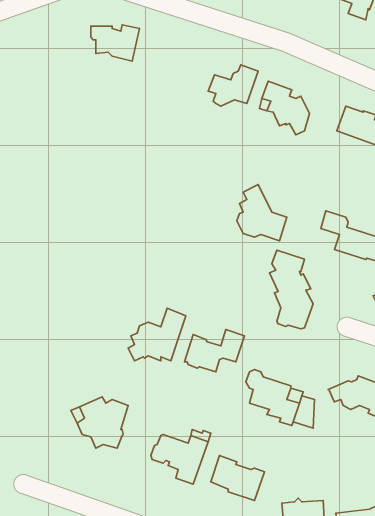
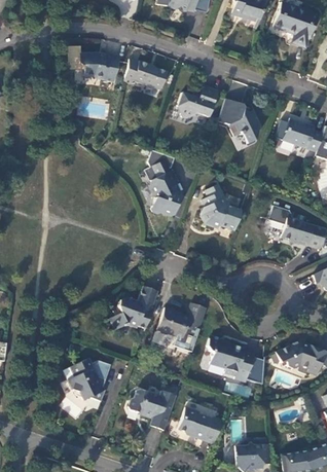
building: none -> [123,58,167,89]
building: [269,250,313,329] -> [145,150,181,215]

